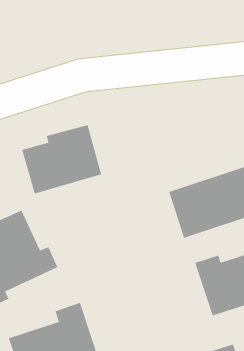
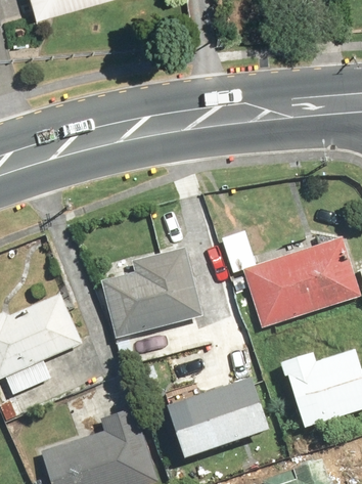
building: [21,124,102,194] -> [102,251,203,339]
building: none -> [163,370,265,456]

